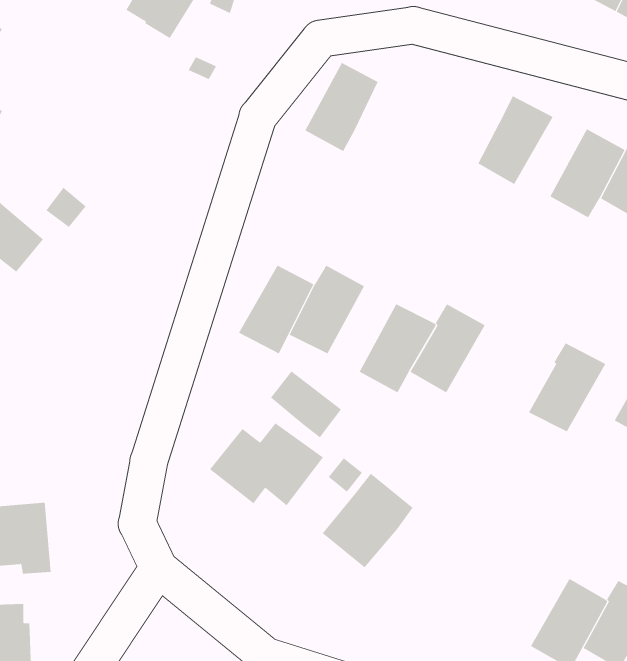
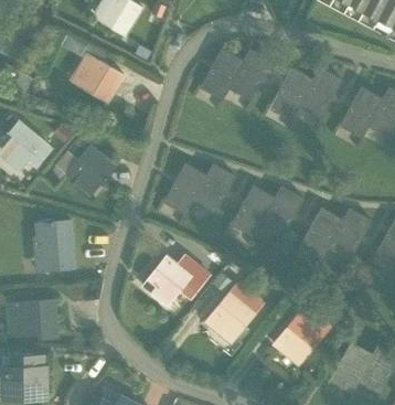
building: none -> [229,50,273,100]
building: none -> [72,53,124,103]
building: none -> [270,67,313,119]
building: none -> [55,146,114,196]
building: none -> [299,207,343,259]
building: none -> [34,221,75,270]
building: [270,371,342,438] -> none
building: none -> [278,306,331,359]

